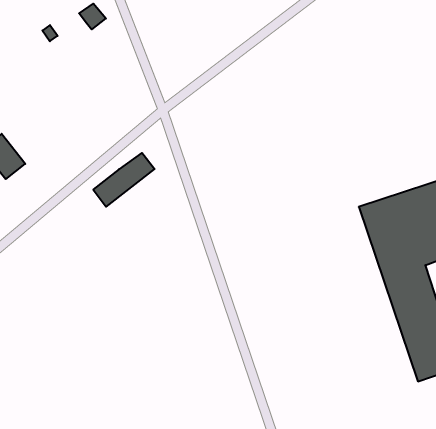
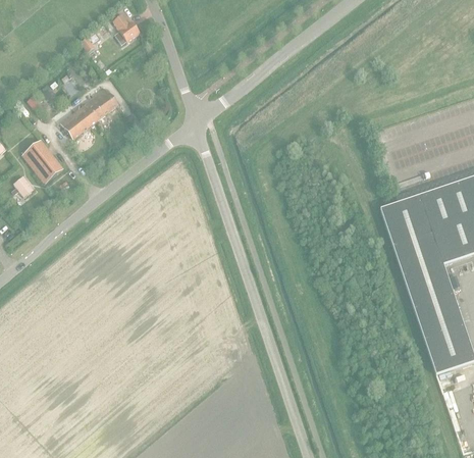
building: [93,153,155,207] -> [61,88,119,139]

